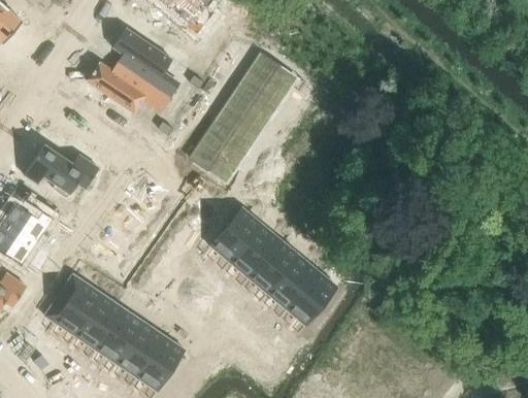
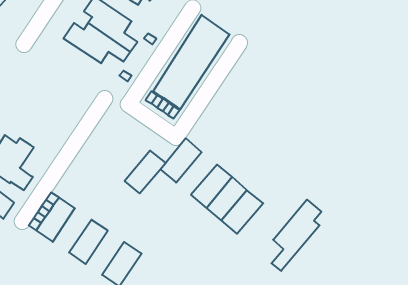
building: [24,143,99,196] -> none
building: [229,223,280,276] -> [125,151,166,193]
building: none -> [271,200,321,271]
building: [74,293,123,349] -> none
building: [116,321,164,376] -> none

